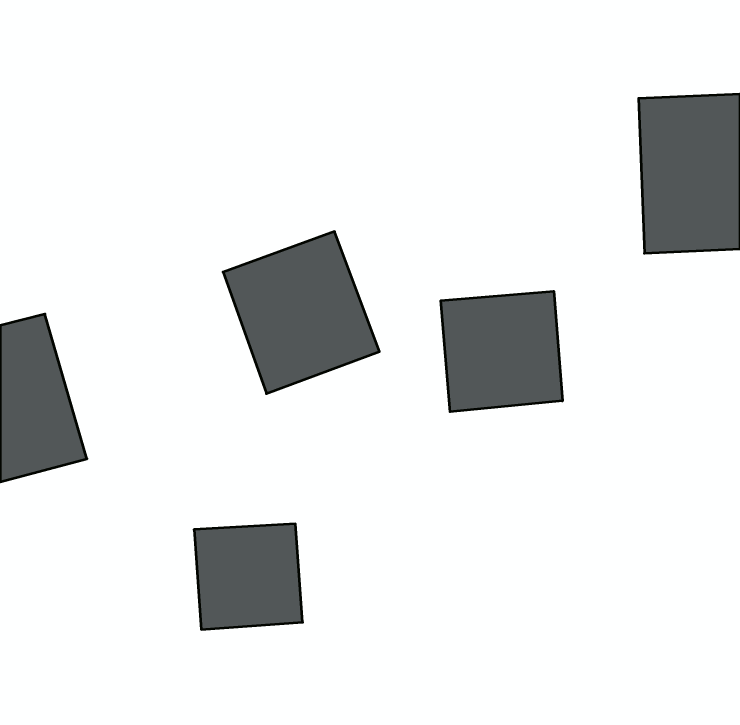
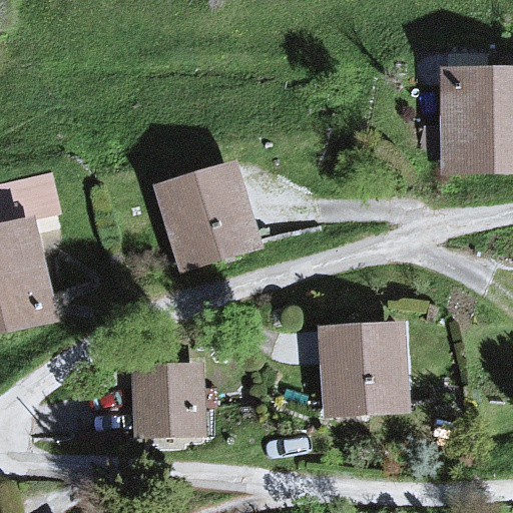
building: [441,291,562,412] -> none
building: none -> [318,322,410,417]

